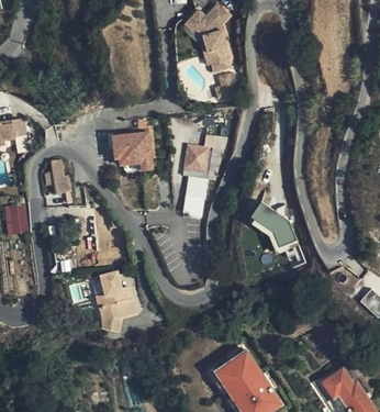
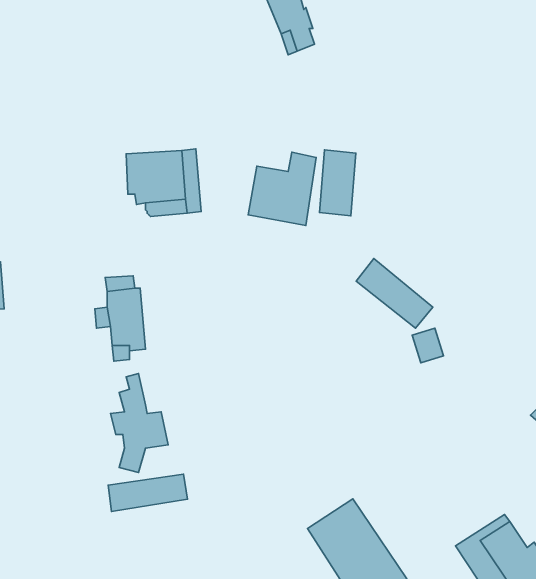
building: [49,160,69,194] -> none
building: [182,176,205,218] -> [319,150,356,216]
building: none -> [108,474,188,511]

